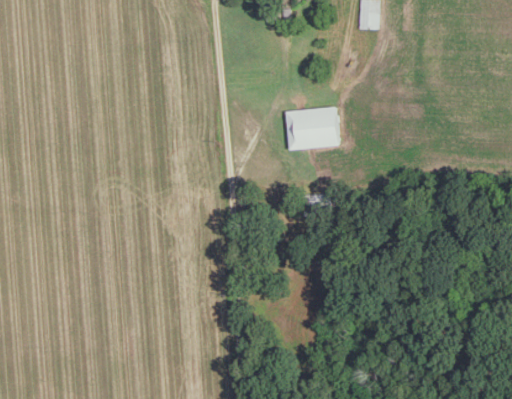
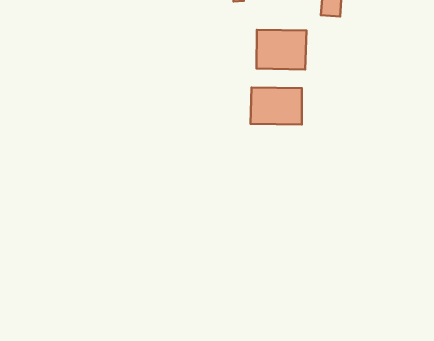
building: none -> [256,30,306,69]

